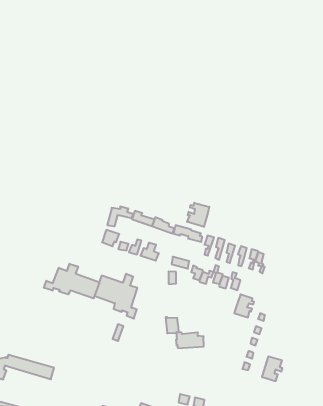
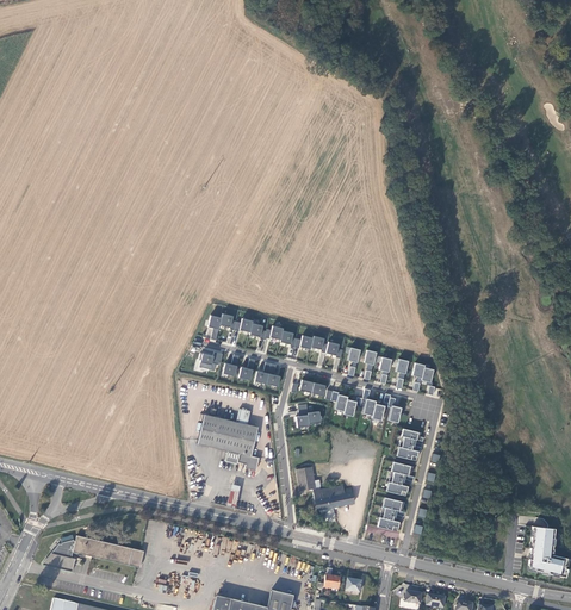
building: [187,203,209,227] -> none
building: [44,264,99,298] -> none
building: none -> [385,461,414,496]
building: [262,356,282,381] -> [377,497,405,531]

